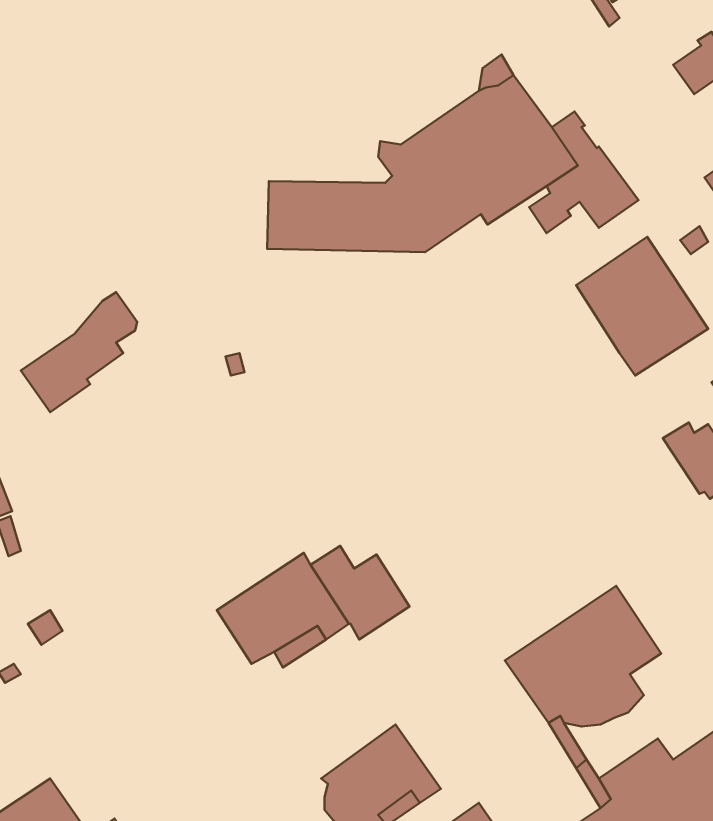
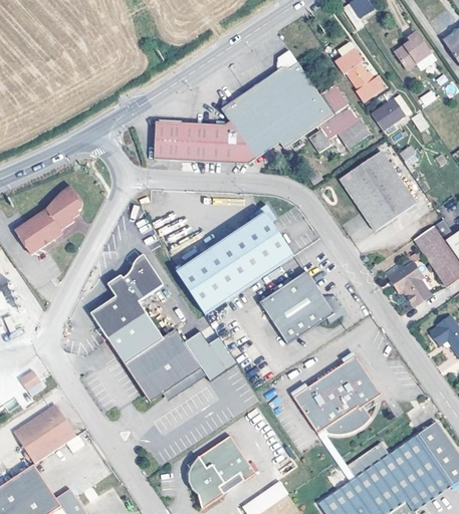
building: none -> [332,42,378,102]
building: none -> [369,95,409,133]
building: none -> [176,203,290,313]
building: none -> [90,253,178,368]
building: none -> [261,271,350,346]
building: none -> [12,407,77,464]

